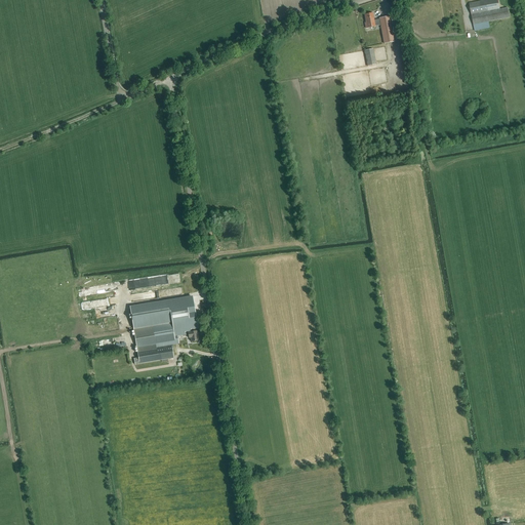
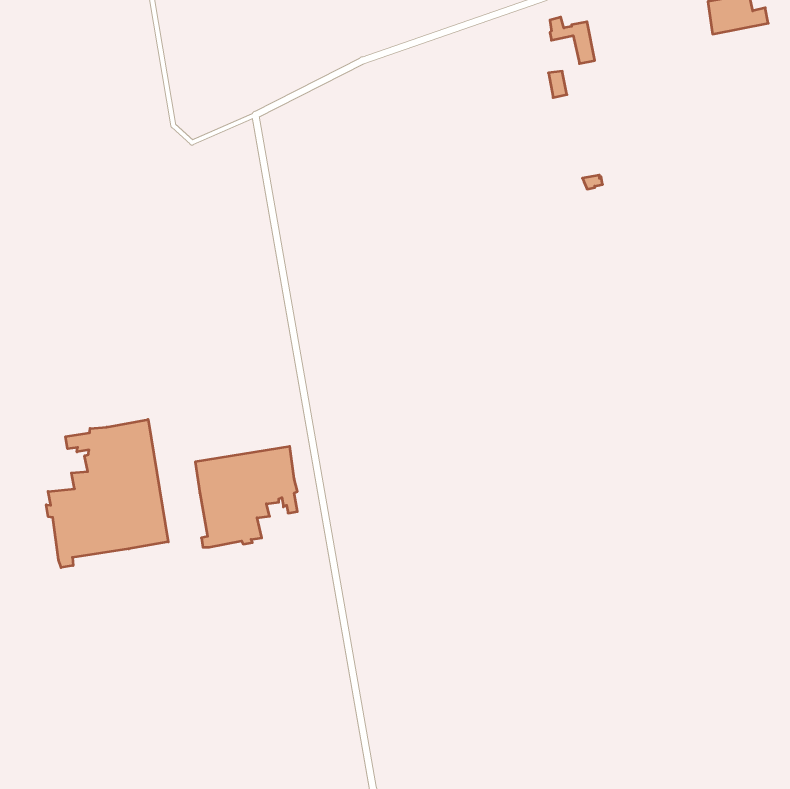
building: none -> [46,419,168,568]

